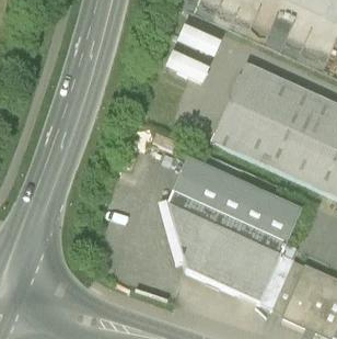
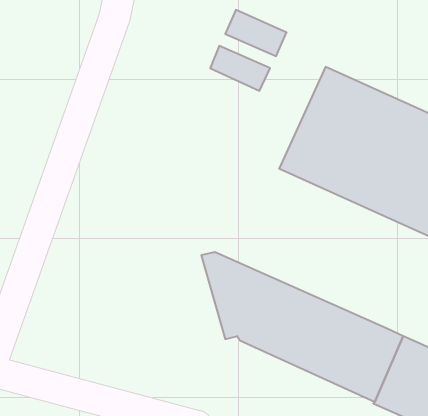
building: [167,151,301,259] -> none

